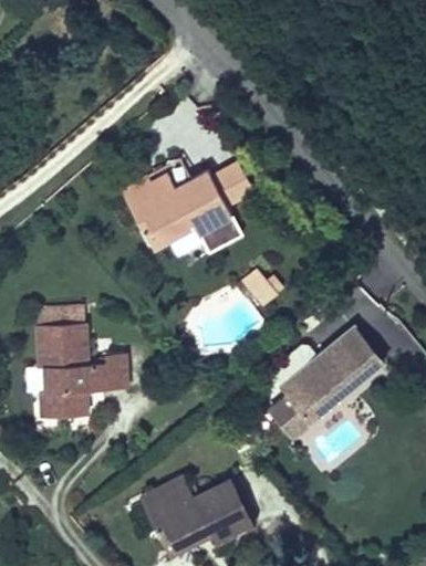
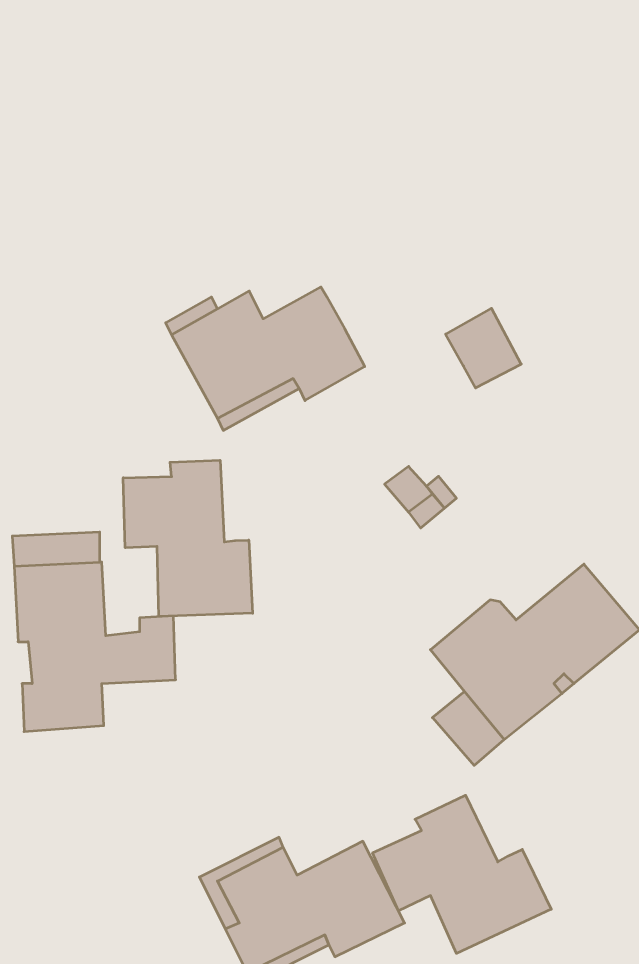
building: [211,163,253,207] -> [446,308,521,388]
building: none -> [123,460,253,616]
building: none -> [373,795,551,953]

